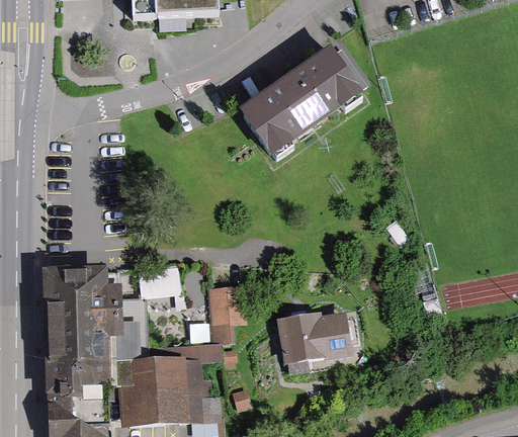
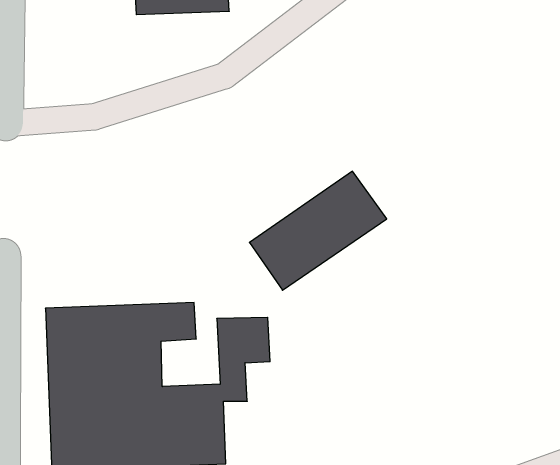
building: [240,49,362,155] -> [249,171,387,290]
building: [279,310,353,361] -> none

